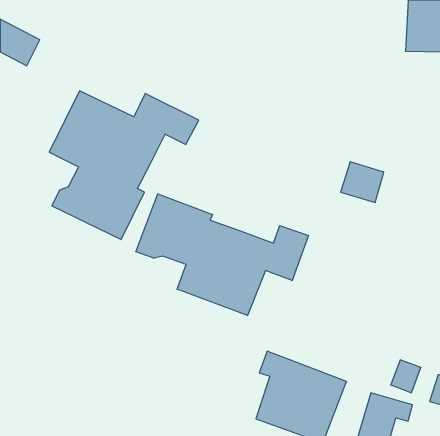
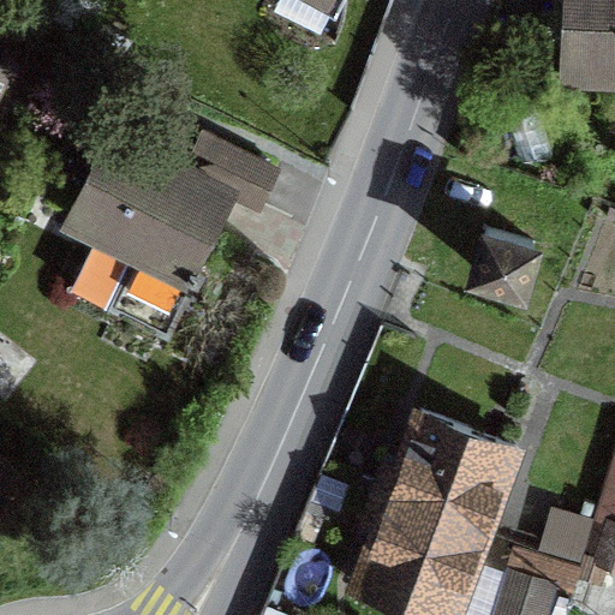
building: [136,194,308,316] -> none
building: none -> [374,416,517,538]

